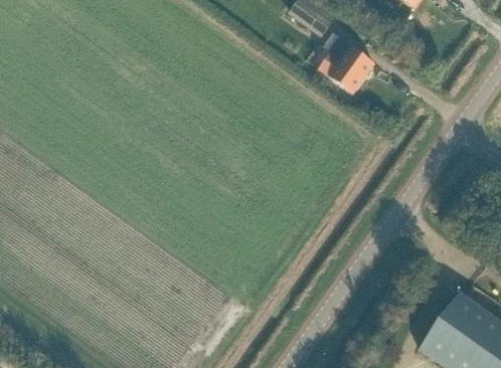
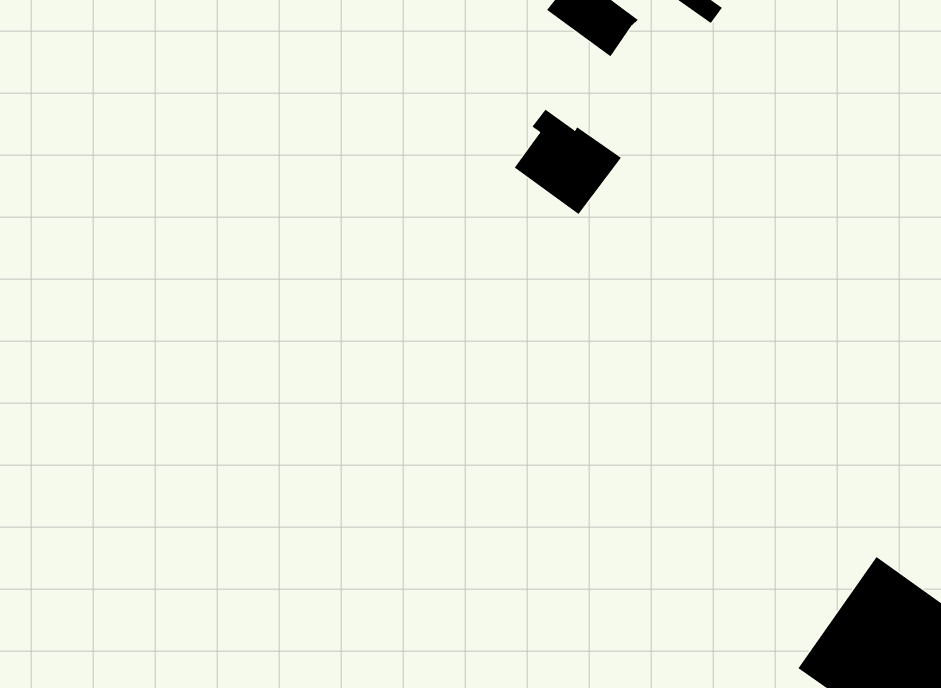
building: [320,38,375,93] -> [514,109,622,215]

